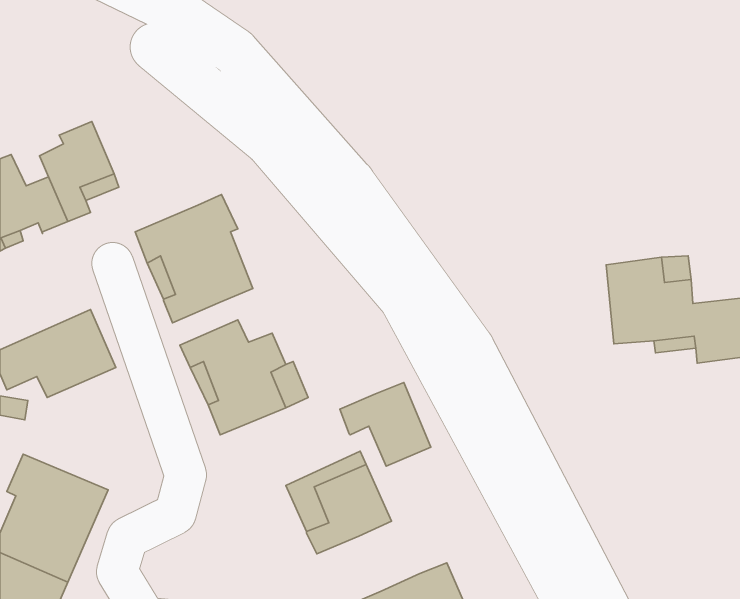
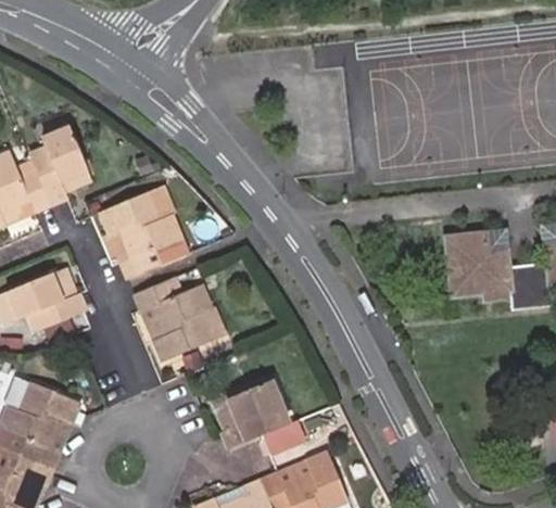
building: [340,383,431,466] -> none
building: none -> [262,419,306,456]

